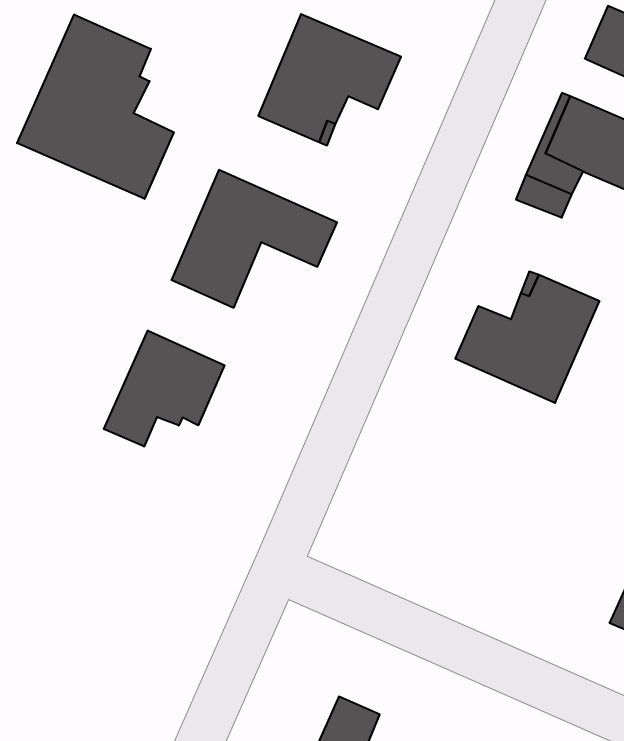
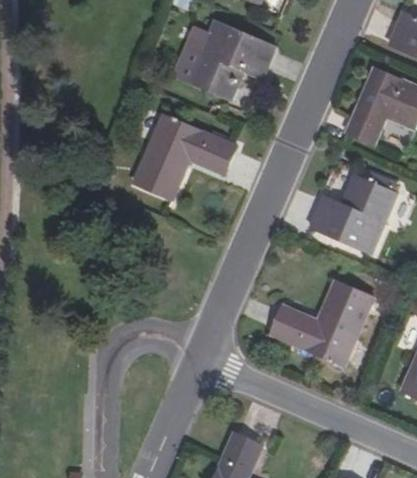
building: [17,14,174,199] -> none
building: [104,330,225,447] -> none
building: none -> [270,281,371,365]

